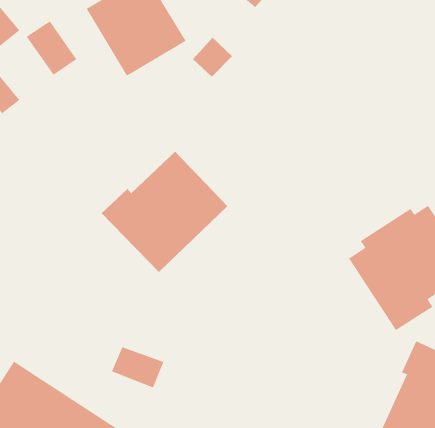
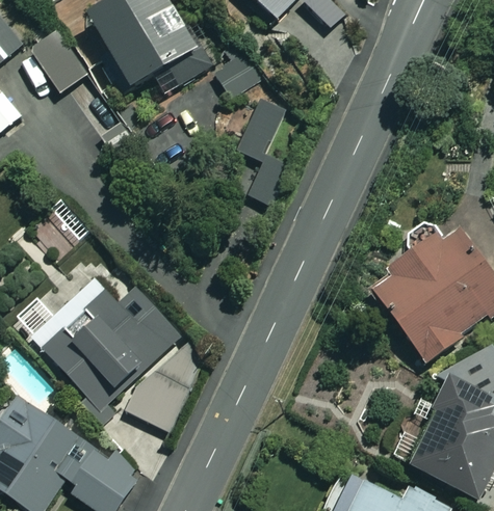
building: none -> [233,103,303,201]
building: [101,151,228,273] -> none
building: none -> [12,277,180,410]

